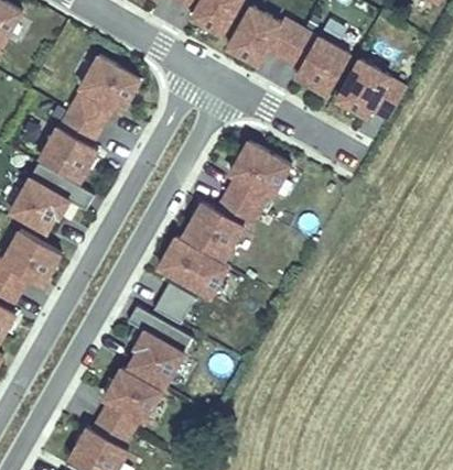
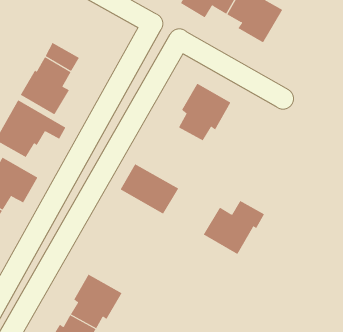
building: [79,54,140,110] -> none
building: [336,61,406,121] -> none
building: [182,195,256,260] -> [203,200,265,255]
building: [151,283,194,326] -> none
building: [126,307,192,389] -> none

